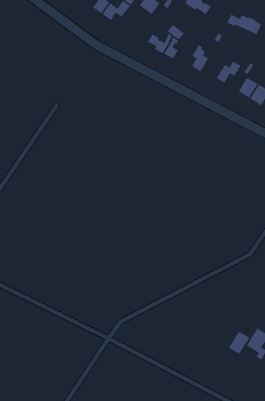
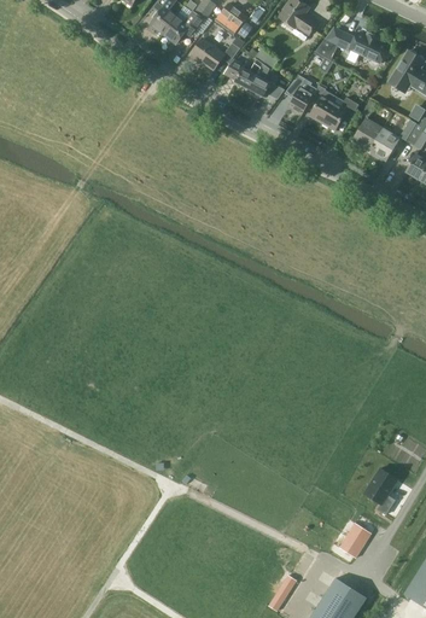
building: none -> [191,39,239,70]
building: none -> [309,84,337,122]
building: [228,331,251,355] -> [339,523,370,556]

